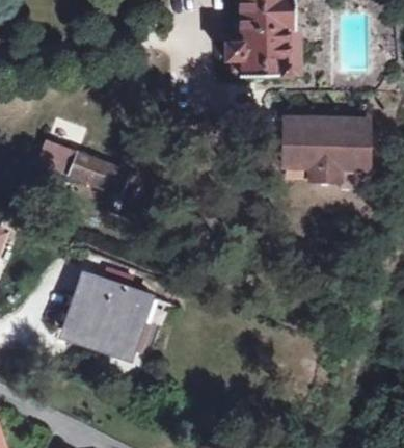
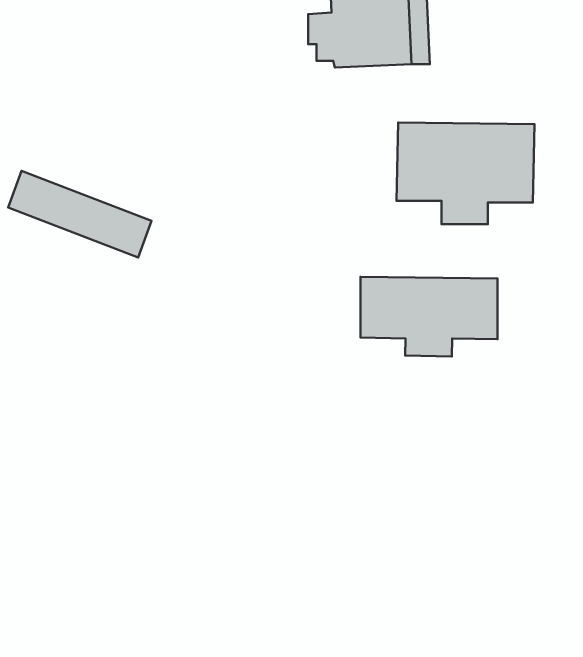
building: none -> [360,277,497,356]
building: [66,275,156,351] -> none

